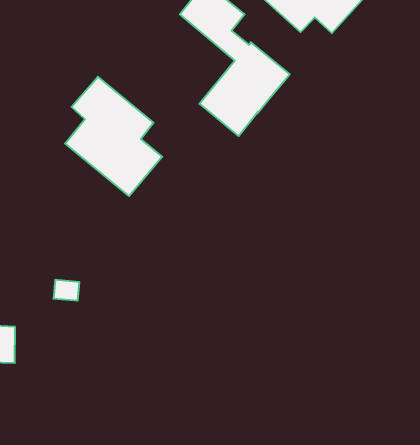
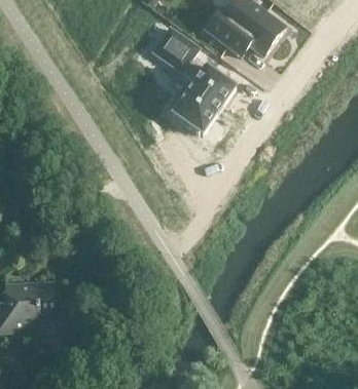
building: [65,77,162,196] -> none

